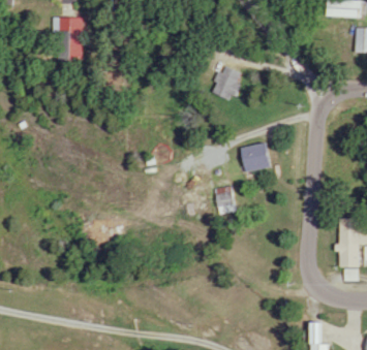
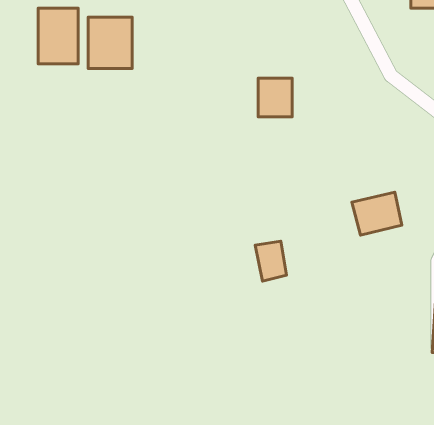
building: none -> [88,17,132,68]
building: [239,141,275,172] -> [352,192,402,235]

